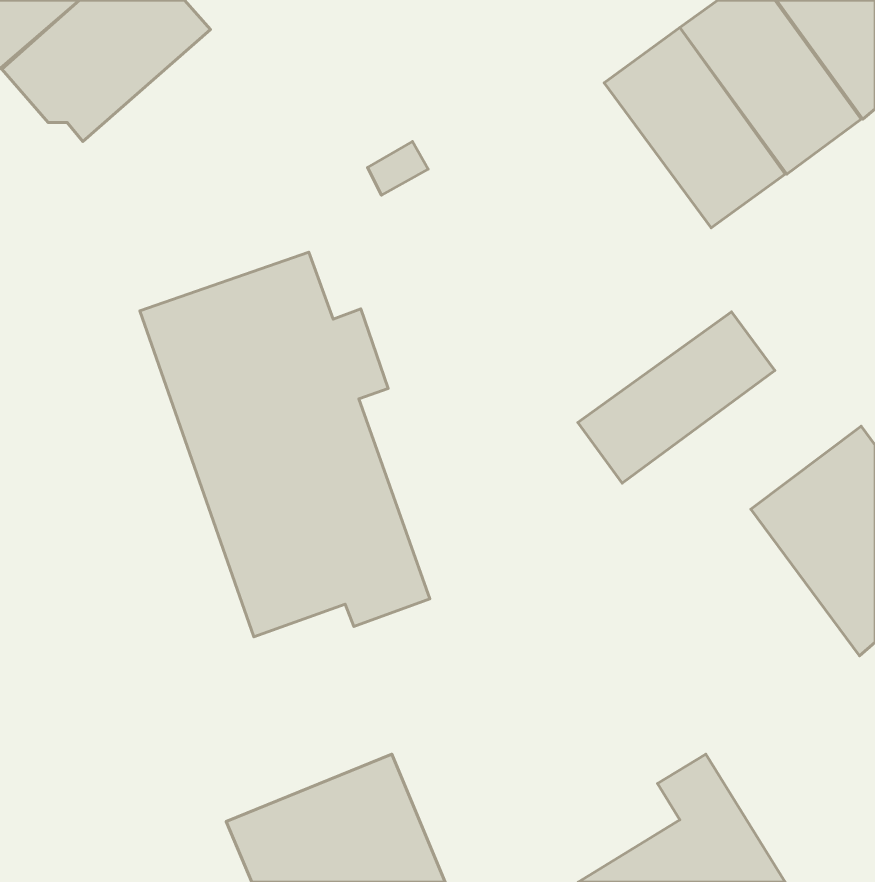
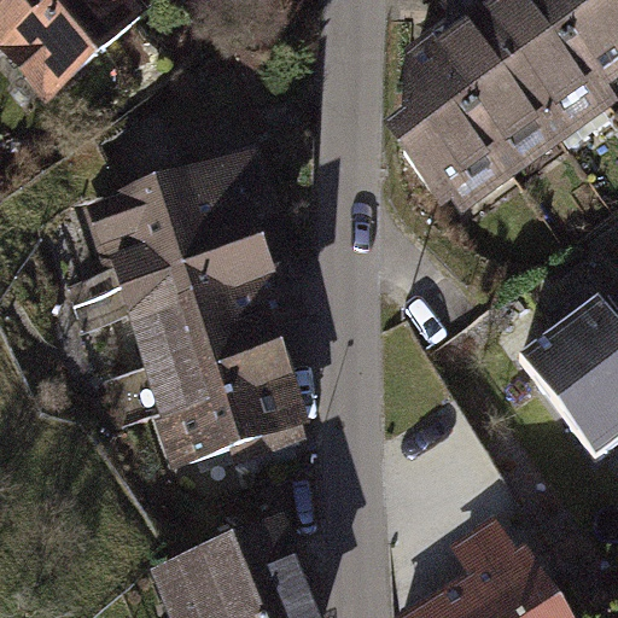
building: none -> [402,58,497,202]
building: [578,312,775,483] -> none

